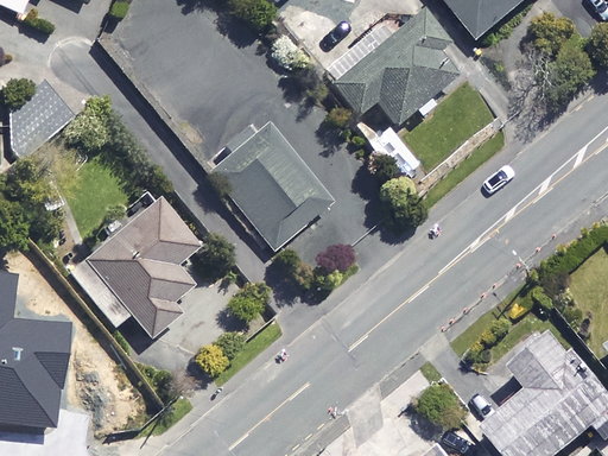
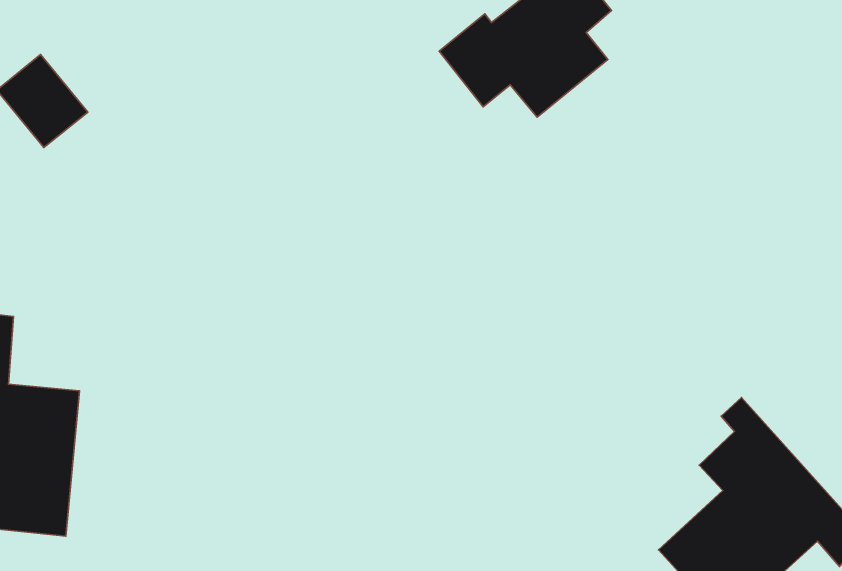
building: [209,129,327,252] -> none
building: [84,201,192,337] -> none

